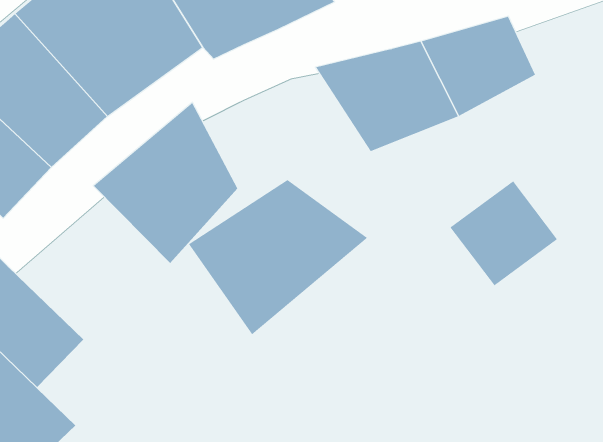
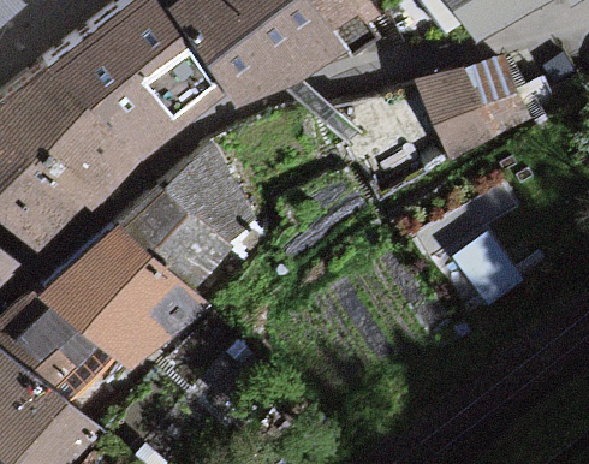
building: [188,179,368,335] -> none
building: none -> [40,220,202,380]

